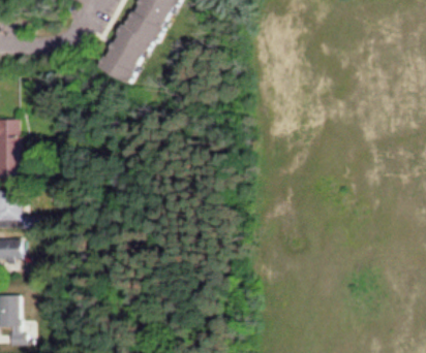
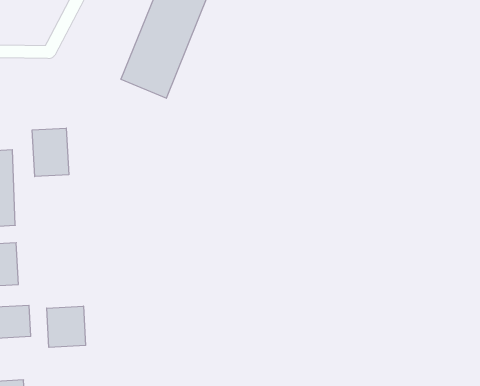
building: none -> [32,128,69,177]
building: none -> [47,306,86,347]

